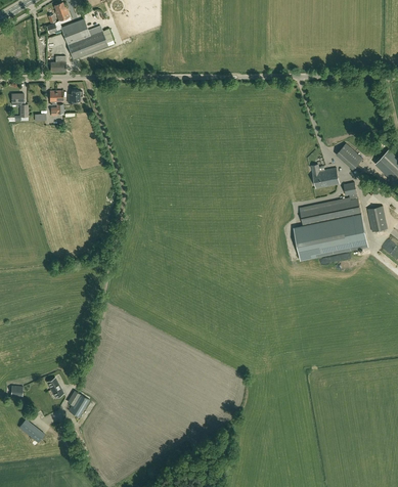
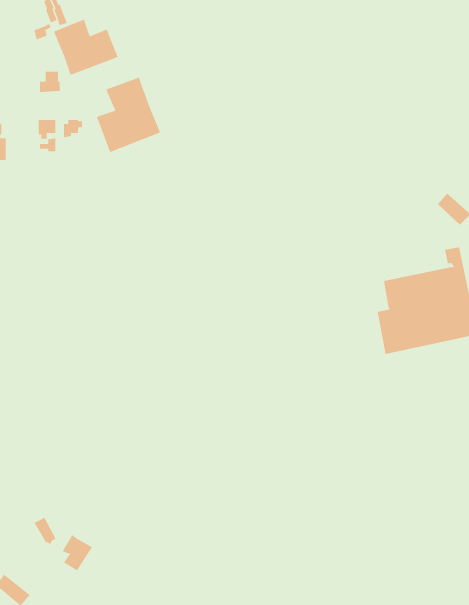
building: none -> [96,77,161,153]
building: [311,166,340,189] -> none

